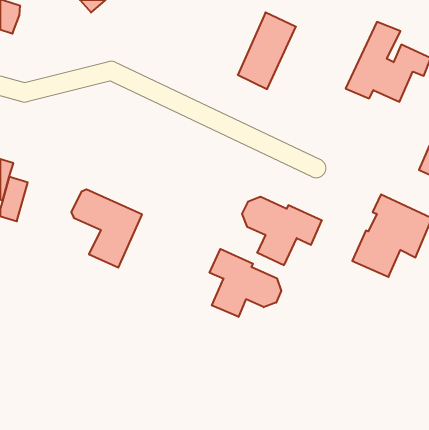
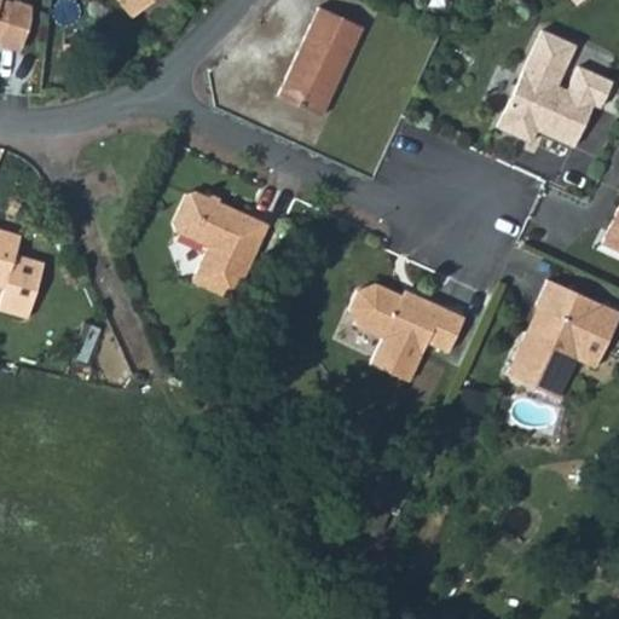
building: [238,12,296,89] -> [279,6,363,116]
building: [71,189,142,268] -> [167,187,268,300]
building: [210,249,281,317] -> none

